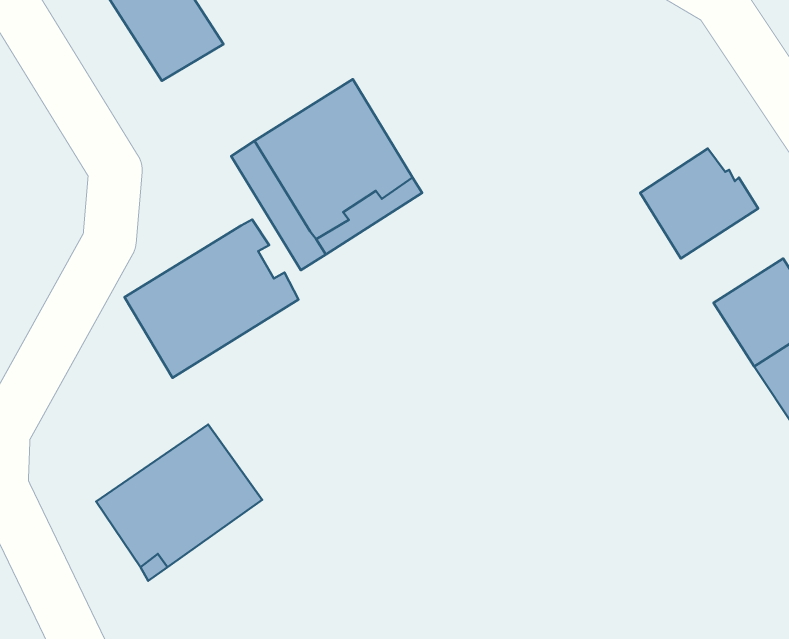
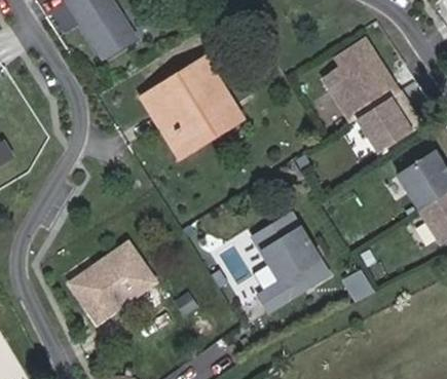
building: none -> [323,39,394,121]
building: [124,220,298,378] -> none
building: none -> [253,215,327,310]

